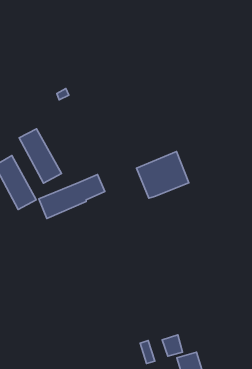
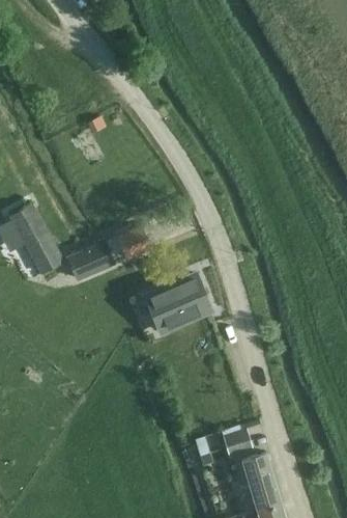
building: [19,129,61,183] -> none
building: [137,152,189,198] -> [143,275,209,334]

